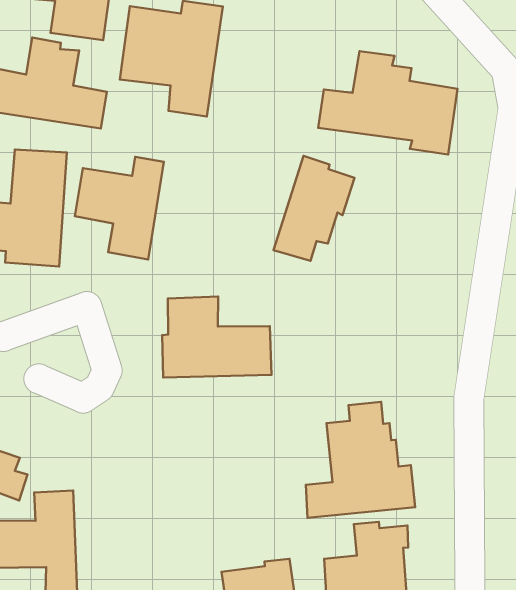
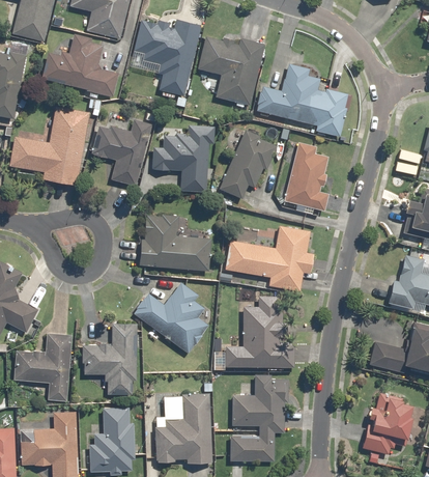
building: none -> [197,35,265,106]
building: none -> [152,124,214,192]
building: none -> [283,141,330,211]
building: none -> [225,225,313,291]
building: none -> [132,281,209,354]
building: none -> [81,322,137,394]

